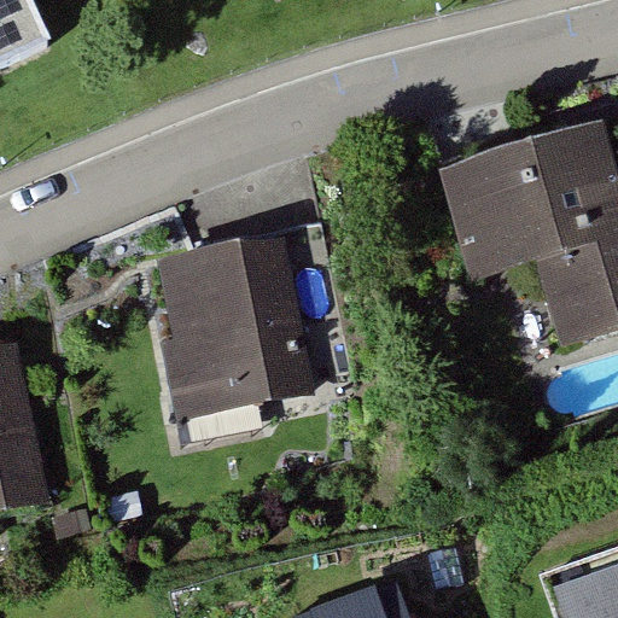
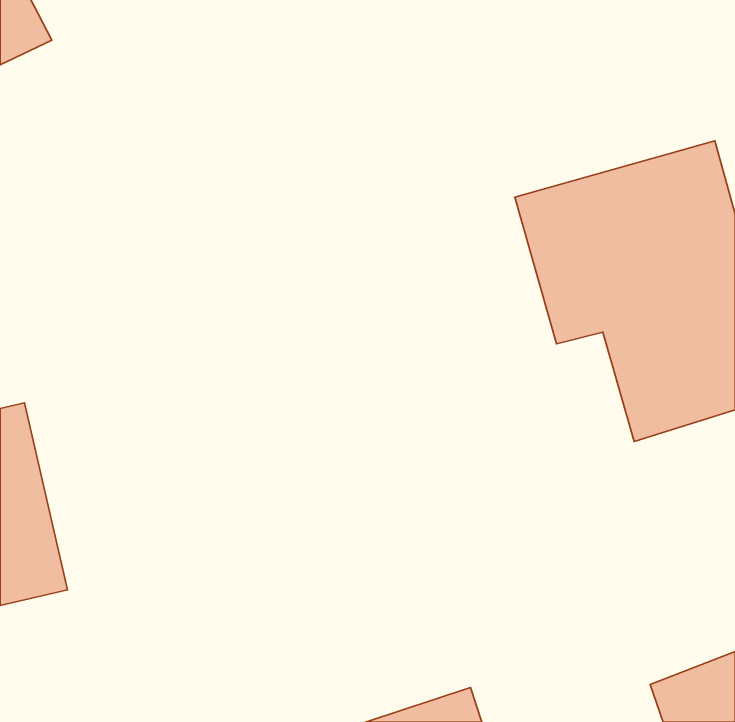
building: [152,233,326,421] -> none

